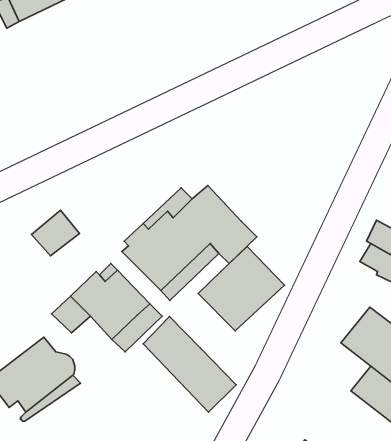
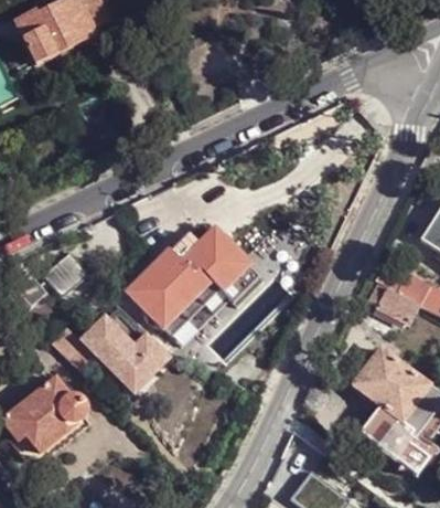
building: [198,246,285,331] -> none
building: [143,316,236,412] -> none

